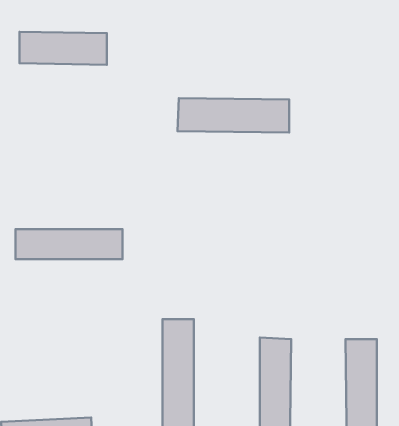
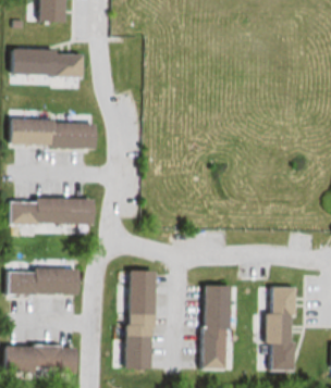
building: [178,98,289,132] -> [16,122,101,148]
building: none -> [12,270,78,295]

